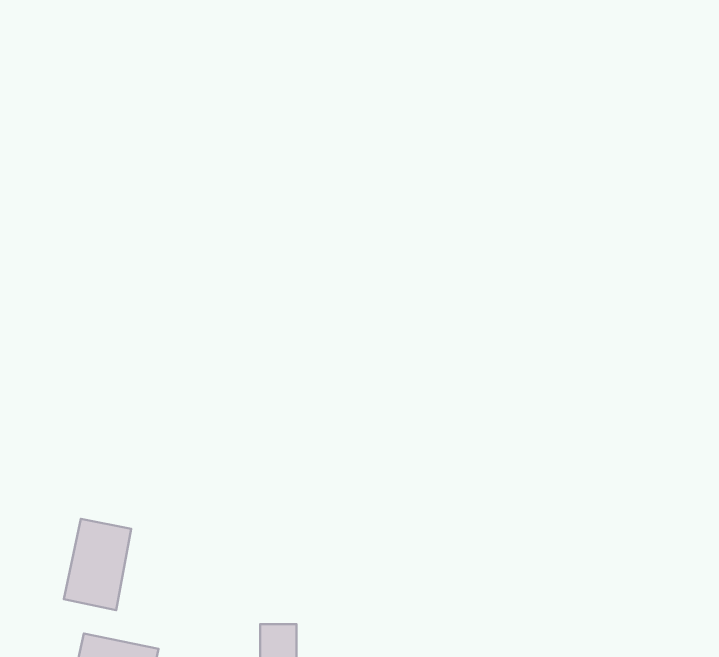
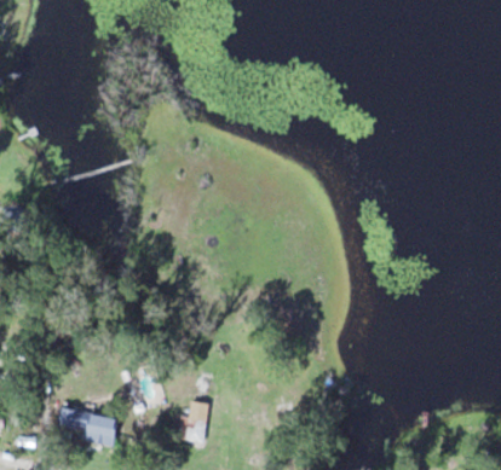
building: [64,519,131,610] -> none

